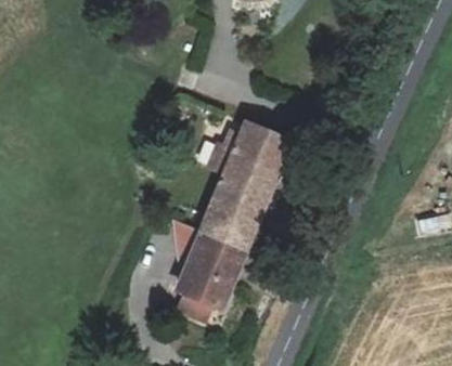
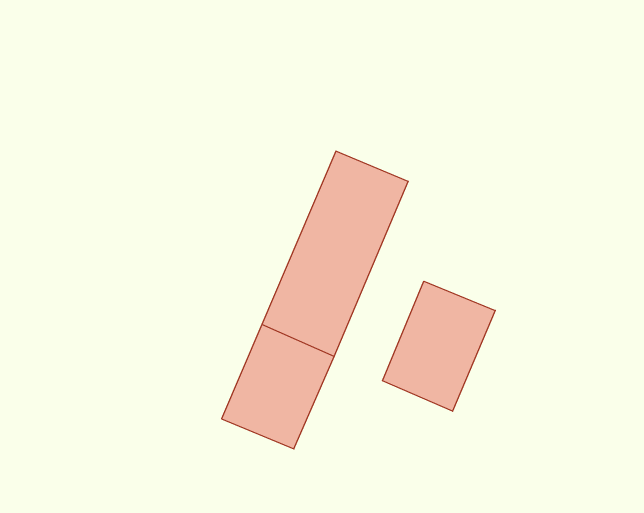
building: none -> [383,281,495,411]

